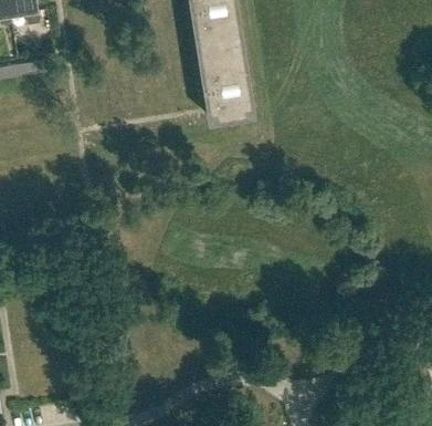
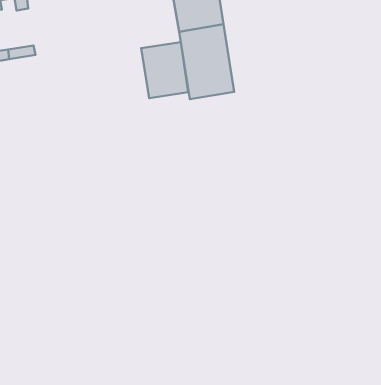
building: none -> [141,42,188,98]

